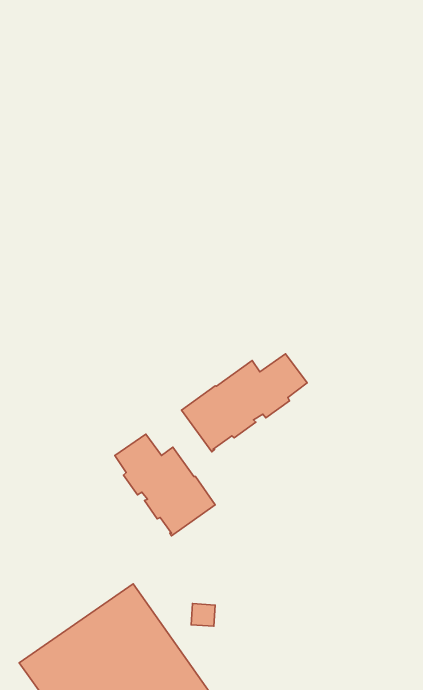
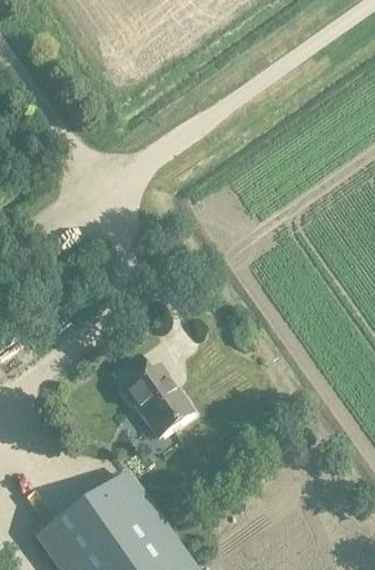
building: [182,354,307,452] -> none

